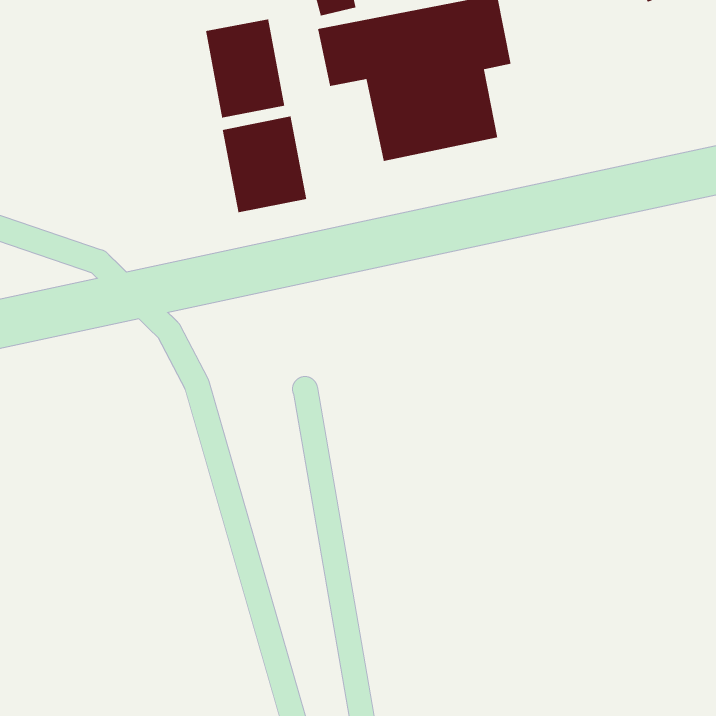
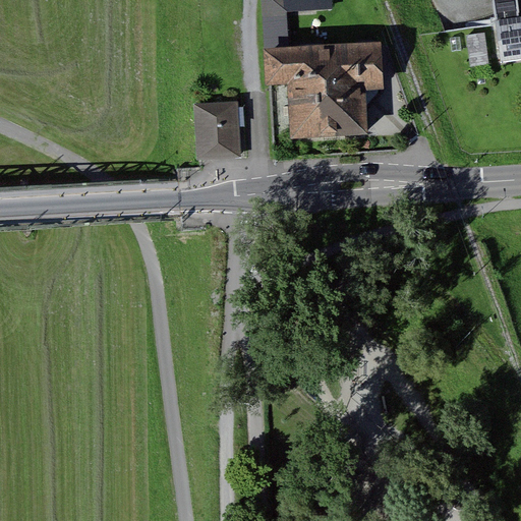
building: [205,18,285,118] -> none

